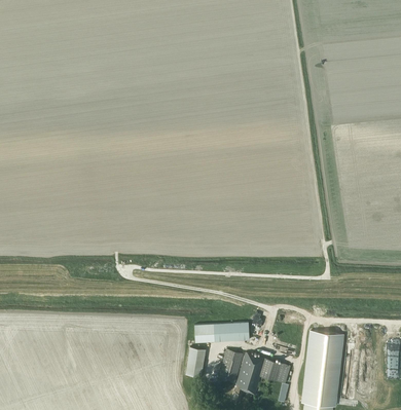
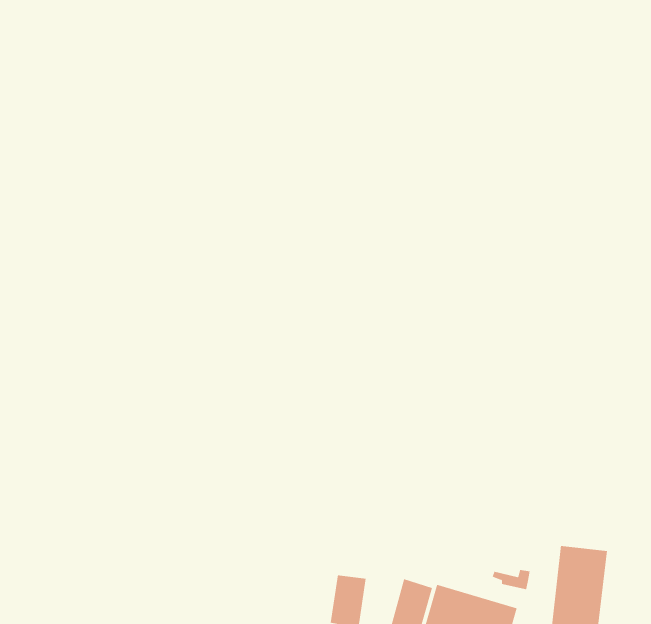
building: [194,323,249,342] -> none

